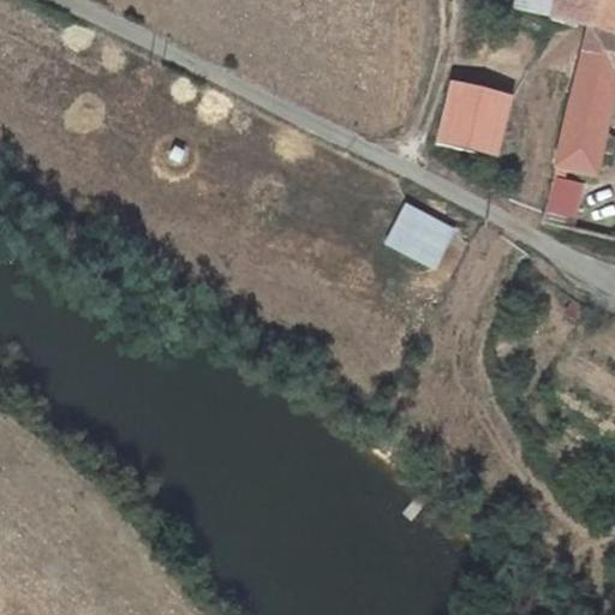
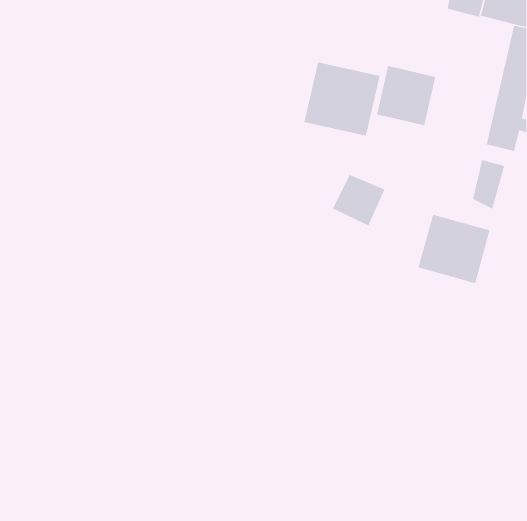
building: none -> [304,61,380,137]
building: none -> [418,214,491,284]

